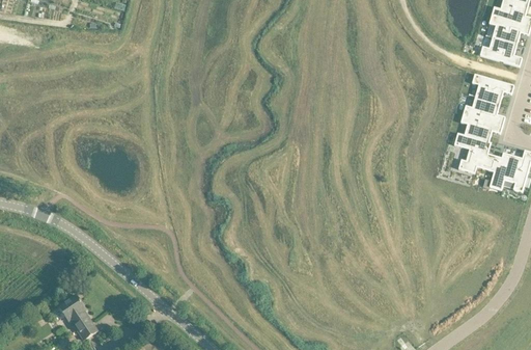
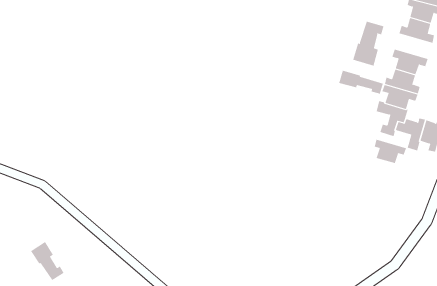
building: none -> [352,21,384,66]
building: none -> [339,70,383,94]
building: none -> [374,139,407,164]

